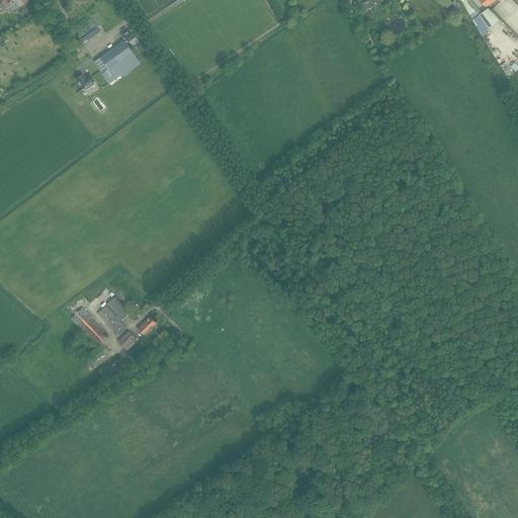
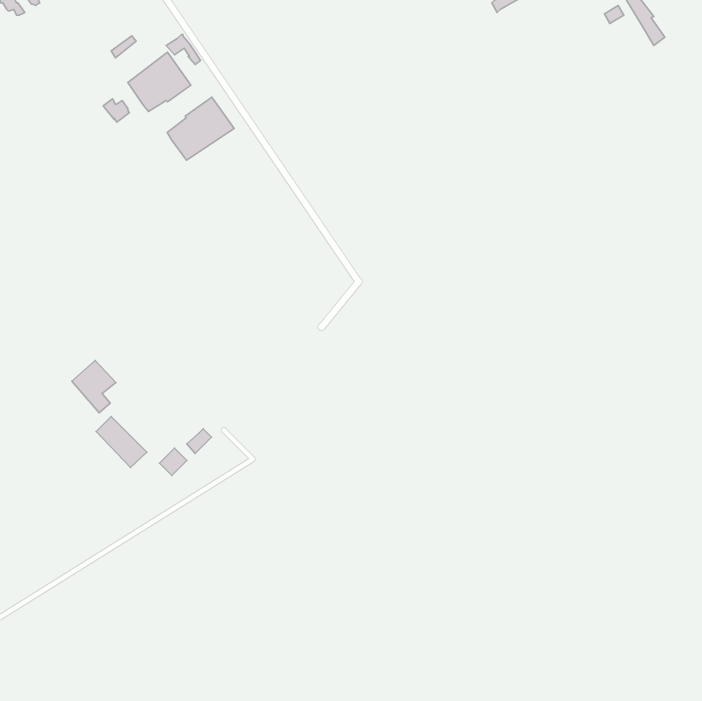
building: none -> [167,97,234,160]
building: [98,295,131,334] -> [72,361,116,413]

